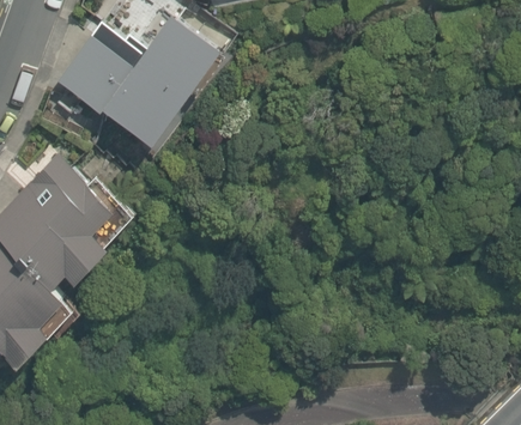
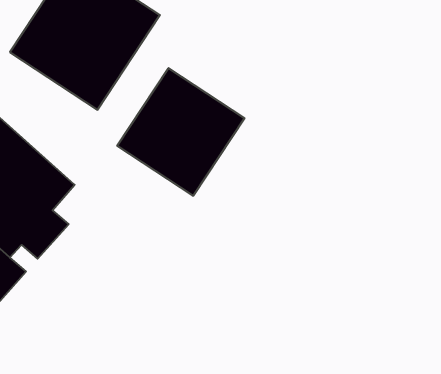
building: none -> [117,68,244,196]

